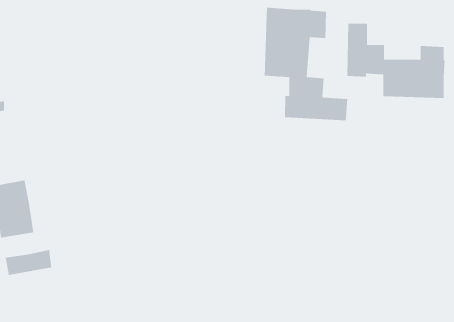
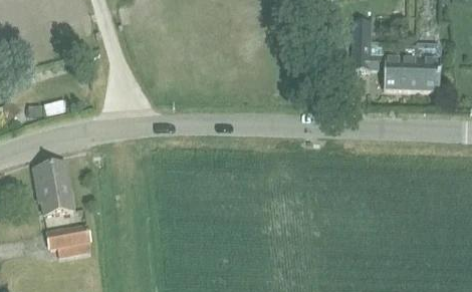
building: [264,7,348,121] -> none

